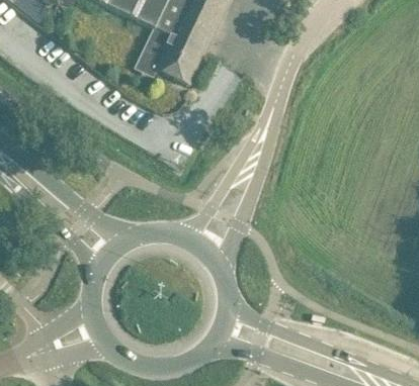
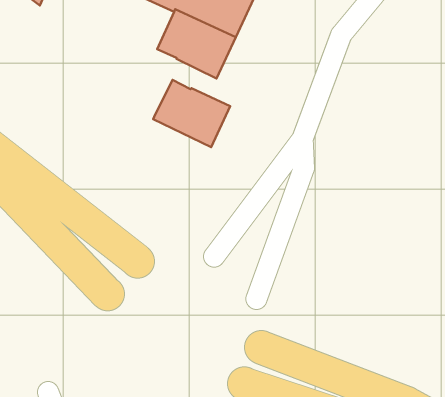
building: none -> [153,80,230,147]

